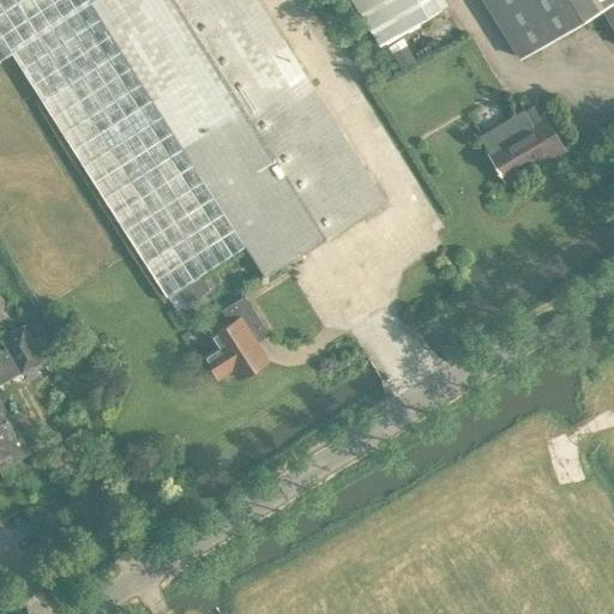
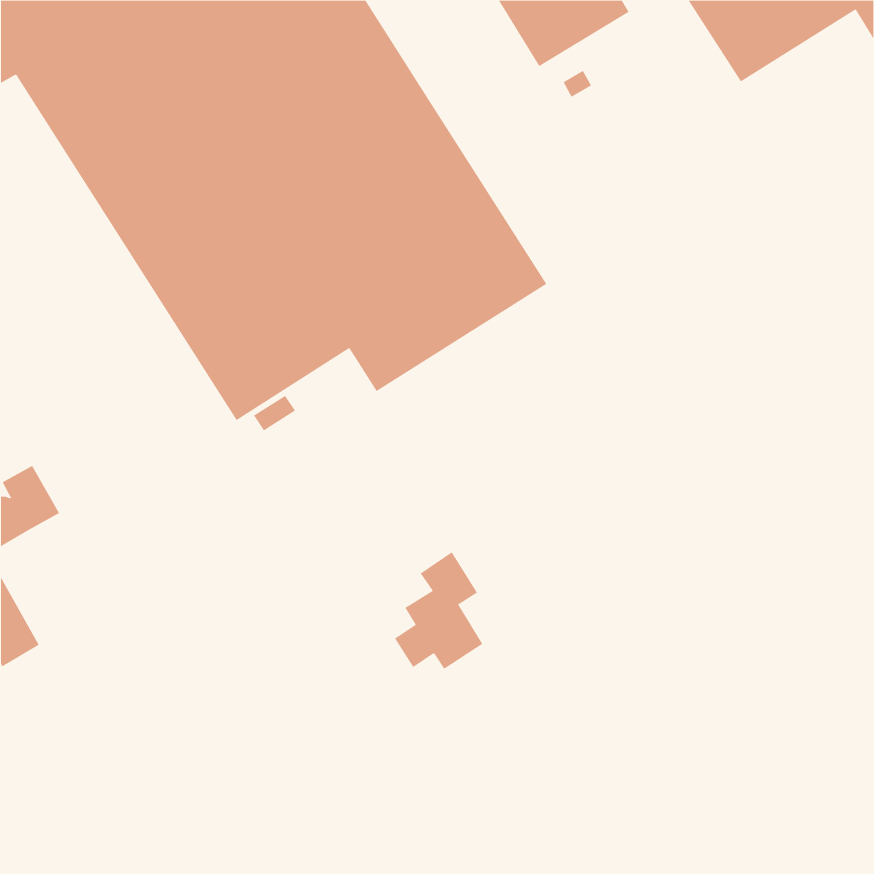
building: [478,109,561,182] -> none
building: [204,295,266,378] -> [394,551,483,669]

